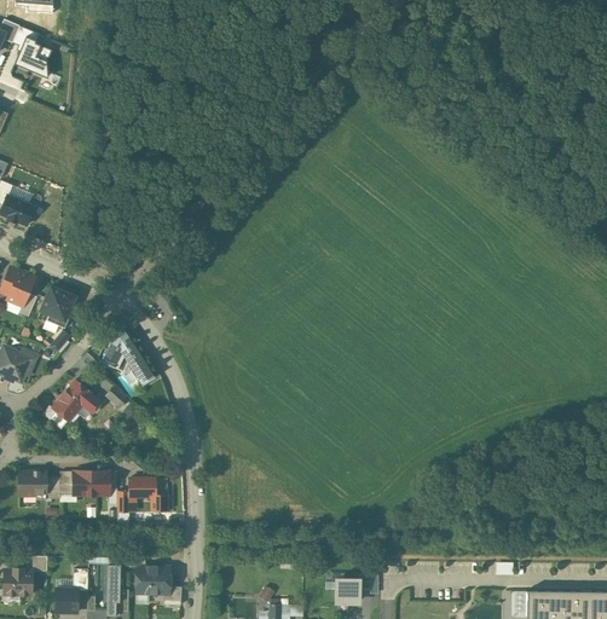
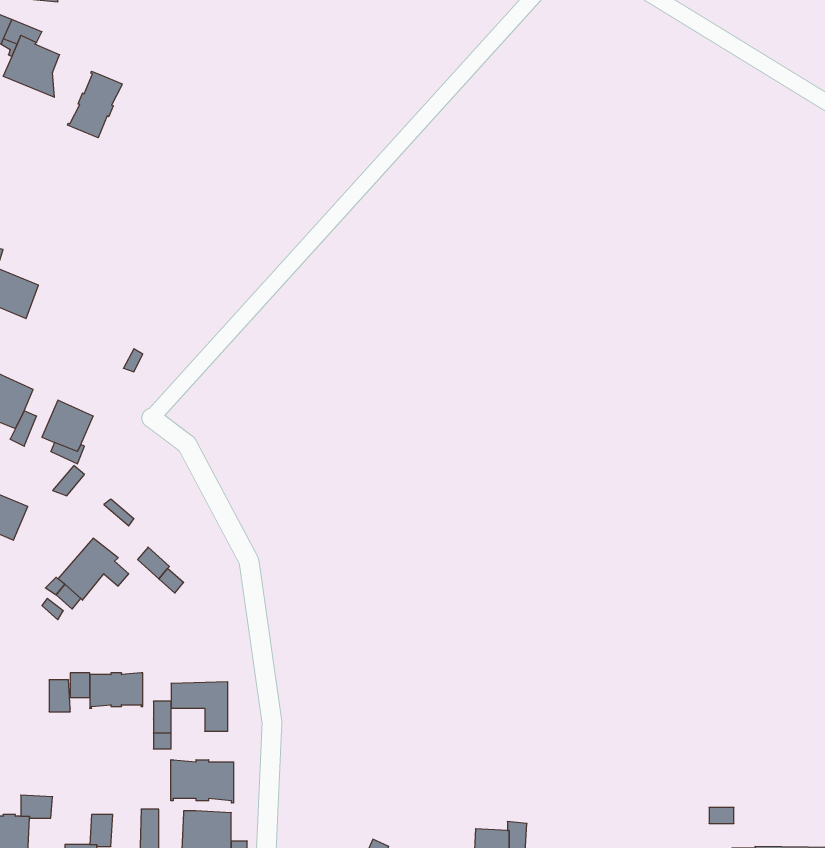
building: none -> [67,71,122,138]
building: [99,329,154,384] -> none
building: [17,472,44,499] -> none
building: none -> [171,760,234,803]

